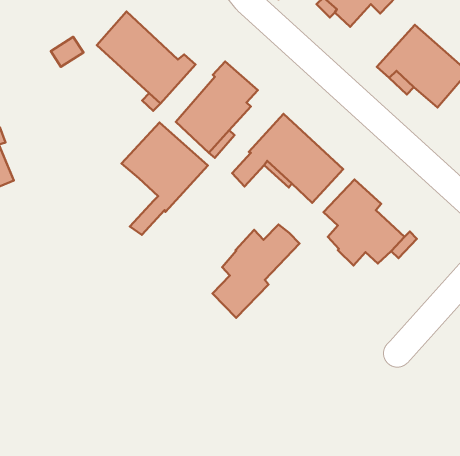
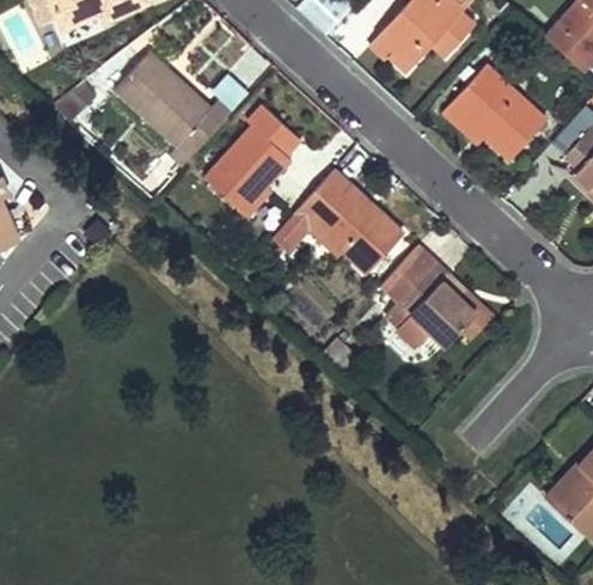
building: [122,122,208,235] -> none
building: [213,224,299,318] -> none

